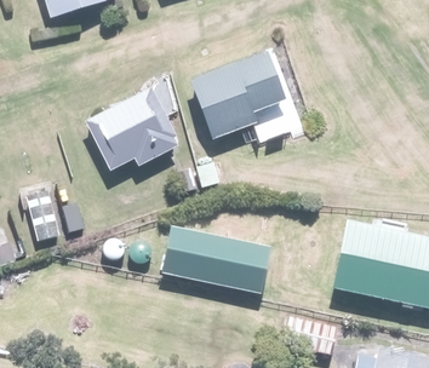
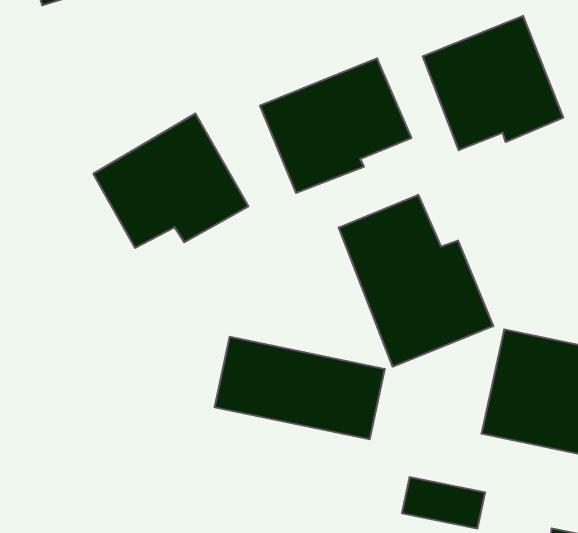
building: none -> [423,16,563,150]
building: none -> [339,195,493,367]

